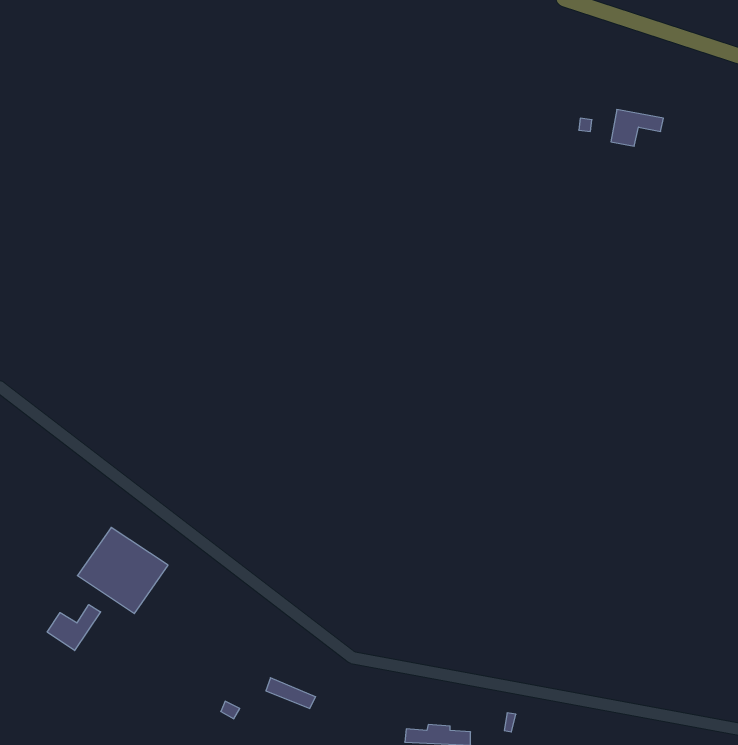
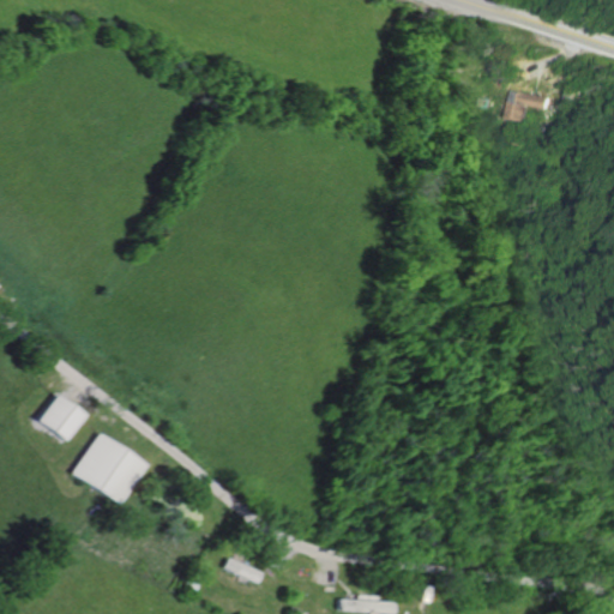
building: none -> [41,393,86,439]
building: [47,605,101,651] -> none

